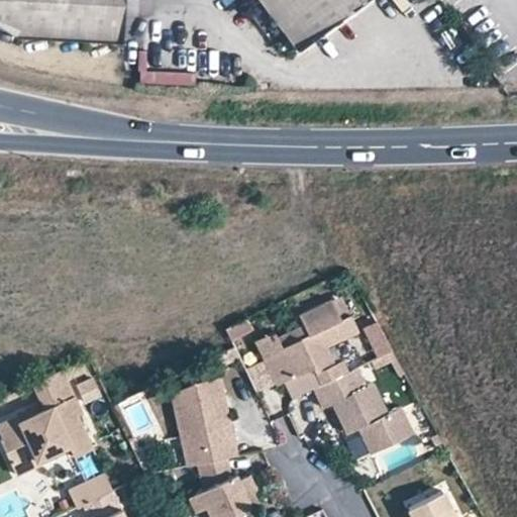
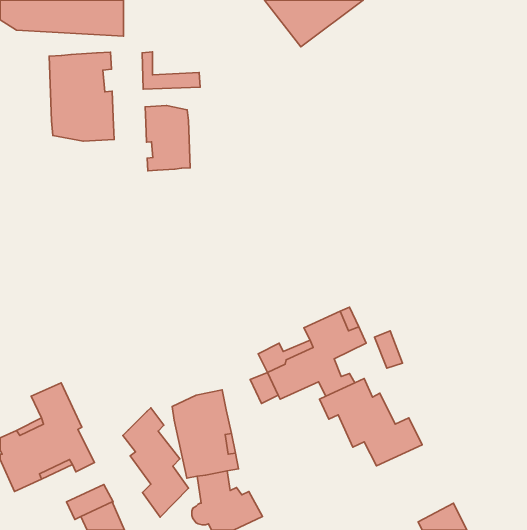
building: none -> [49,52,114,141]
building: none -> [145,106,190,171]
building: none -> [123,408,188,517]

